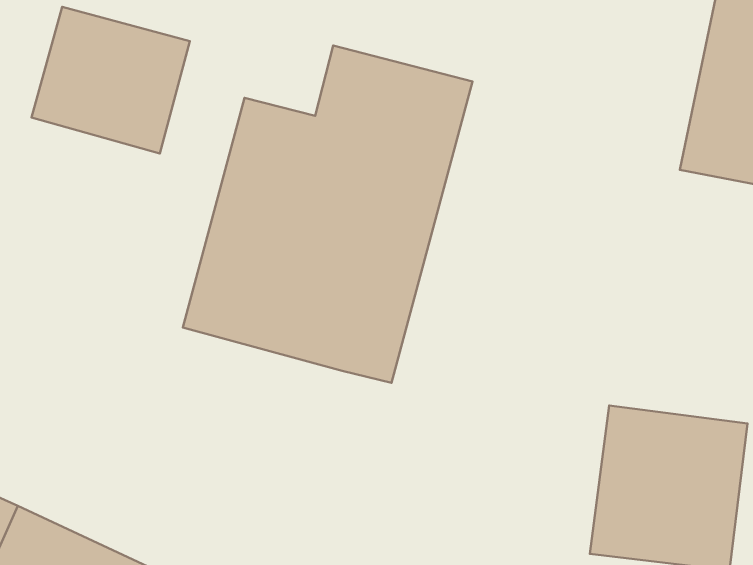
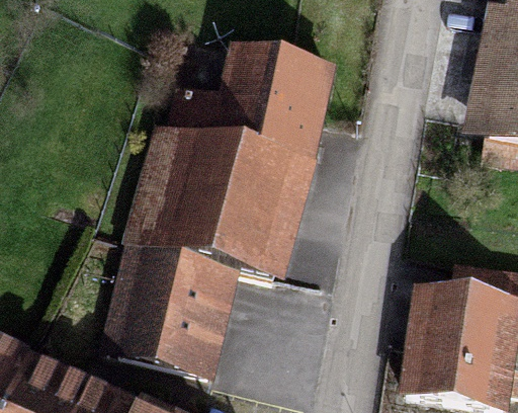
building: [31,7,190,153] -> none
building: none -> [103,244,239,376]

